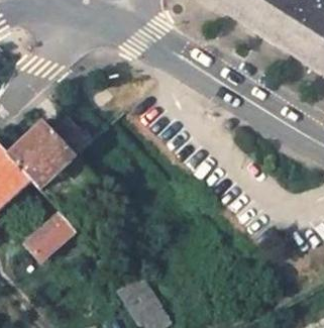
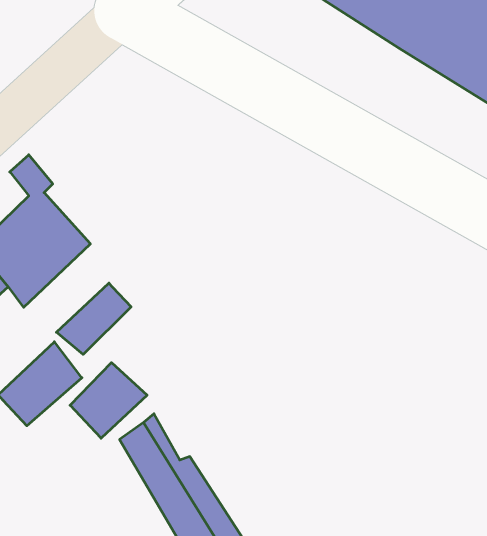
building: none -> [56,283,131,354]
building: none -> [70,363,147,438]

